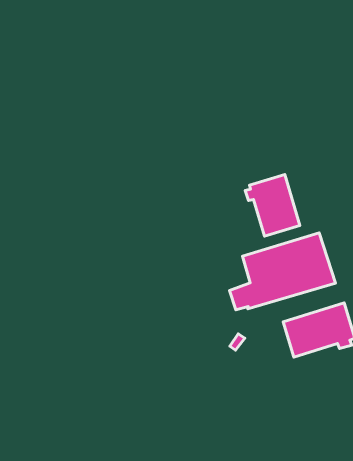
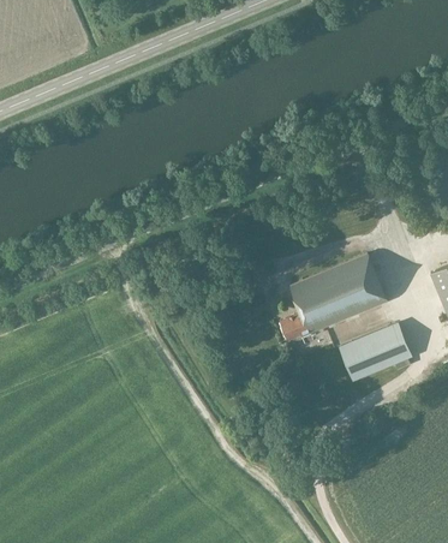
building: [245,174,300,236] -> none

